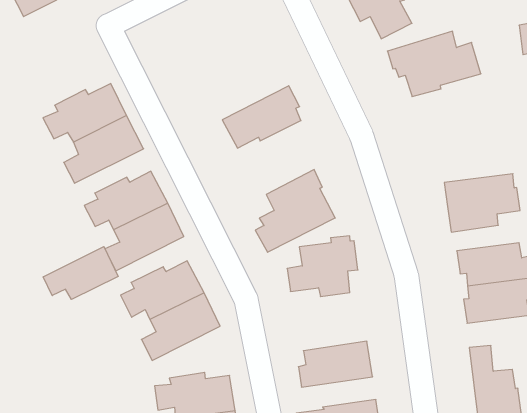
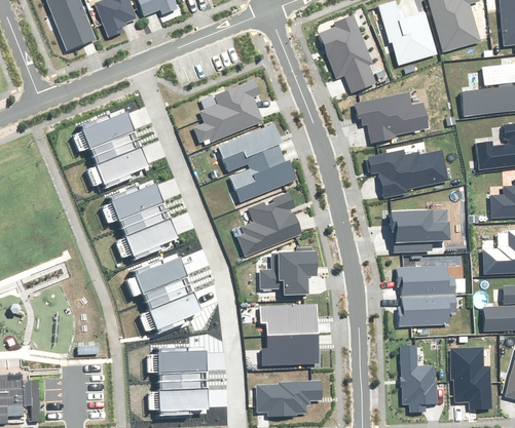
building: none -> [194,80,263,142]
building: none -> [368,151,449,198]
building: none -> [230,153,297,202]
building: [43,247,118,299] -> none
building: none -> [260,304,319,337]

